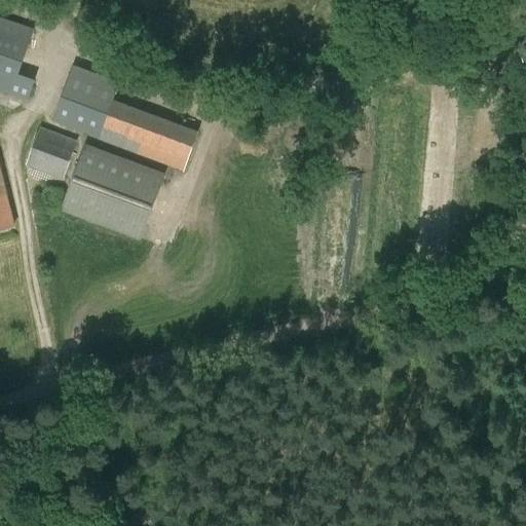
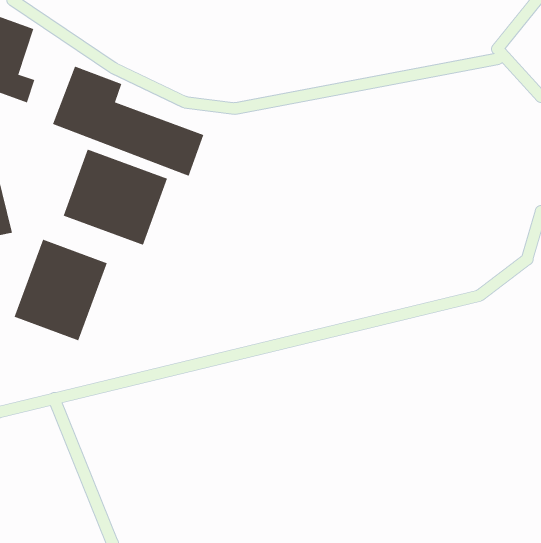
building: [24,125,77,179] -> none
building: none -> [14,239,107,341]

